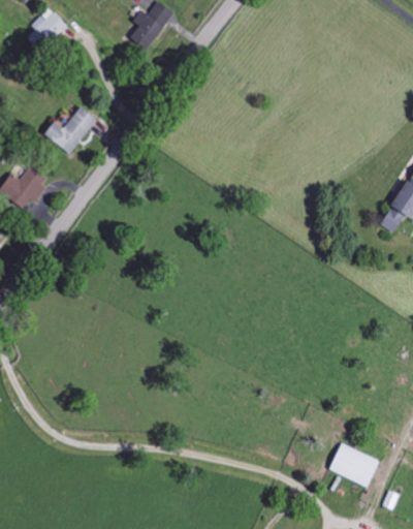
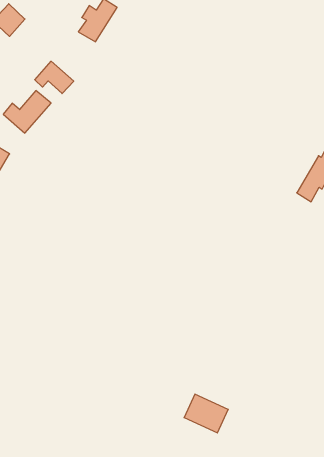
building: none -> [35,61,74,94]
building: [328,441,379,486] -> [184,394,228,433]

